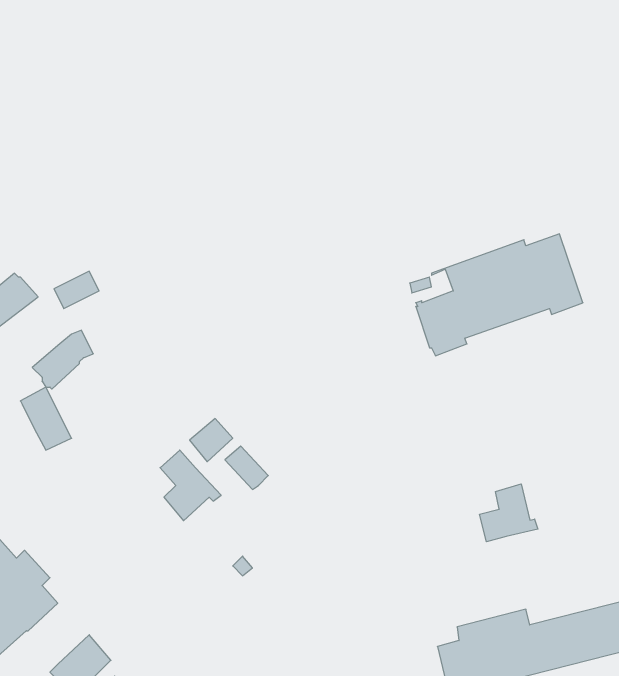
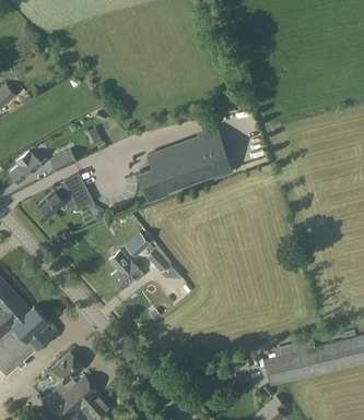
building: [416,234,583,356] -> [138,134,231,202]
building: [20,387,72,450] -> [63,175,92,209]
building: [480,484,538,542] -> none

